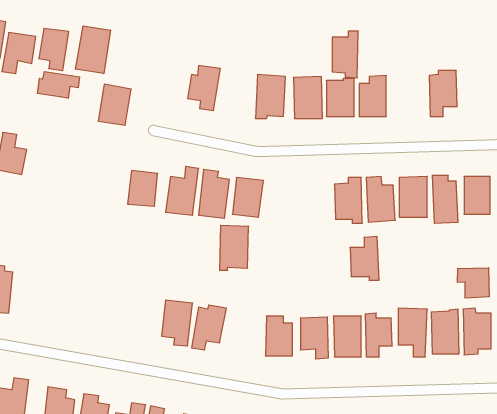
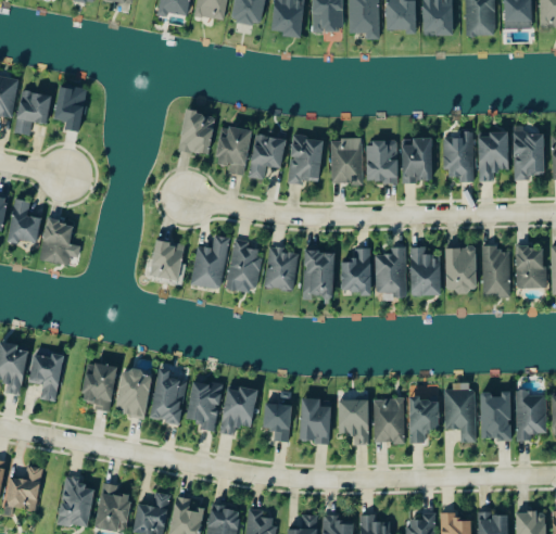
building: [76,26,110,74] -> none
building: [332,31,358,78] -> [444,131,472,182]
building: [37,72,80,98] -> none
building: none -> [514,132,544,180]
building: none -> [250,135,285,179]
building: [98,84,131,125] -> [178,110,214,154]
building: none -> [40,219,79,264]
building: [220,225,249,270] -> [302,251,333,300]
building: [350,236,379,280] -> [340,247,371,295]
building: [458,268,489,298] -> none
building: none -> [28,353,63,402]
building: none -> [80,363,116,411]
building: none -> [151,368,186,423]
building: none -> [114,369,151,418]
building: none -> [263,404,290,442]

